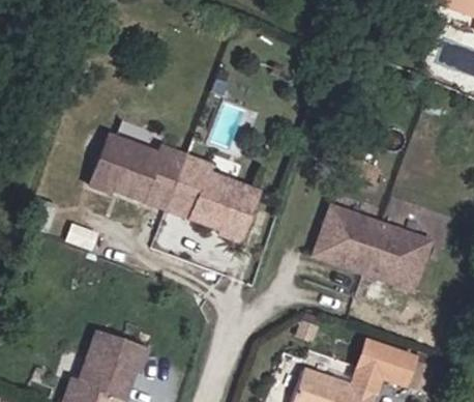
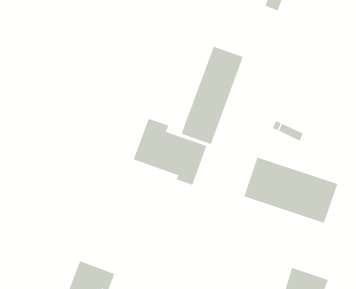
building: none -> [181,46,244,145]
building: [95,137,190,208] -> none

